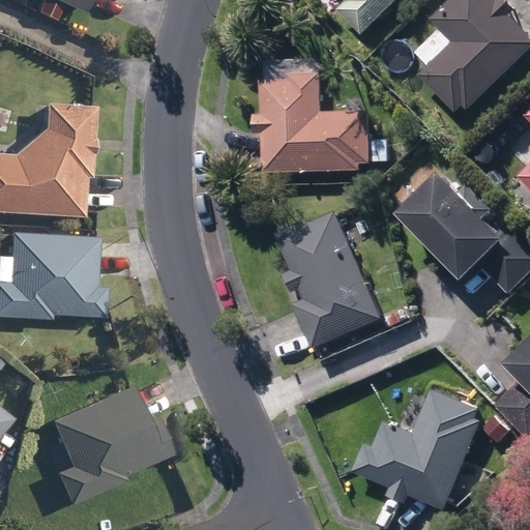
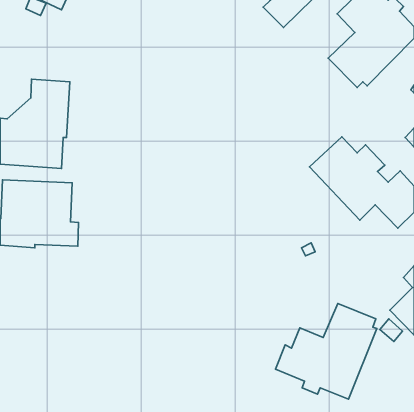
building: [254,72,389,173] -> none
building: [275,211,382,349] -> none
building: [43,383,168,503] -> none

